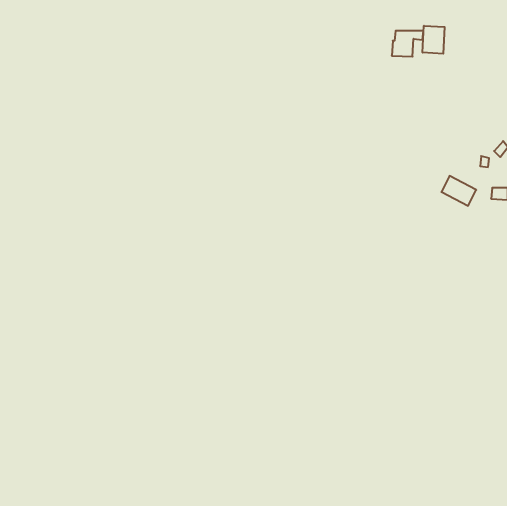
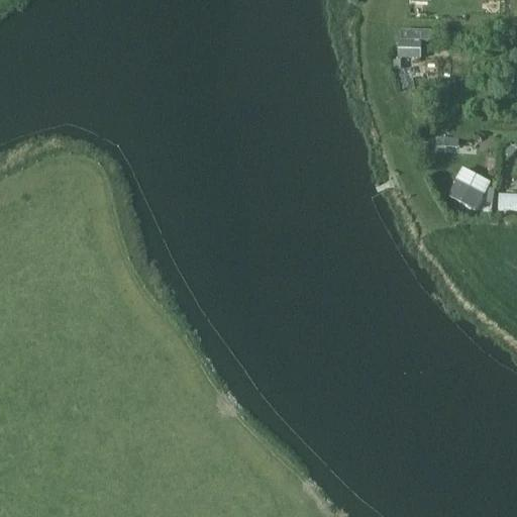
building: [423,26,445,54] -> none

